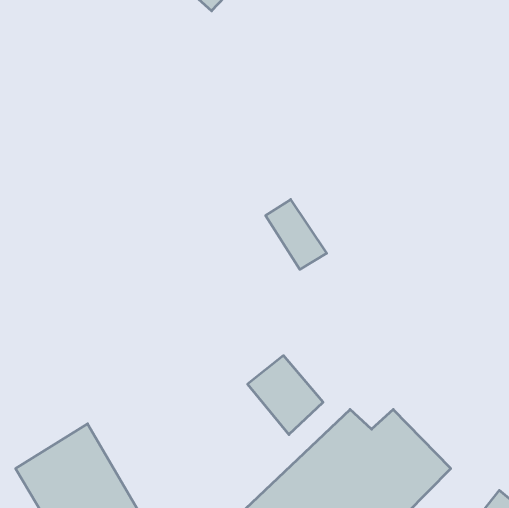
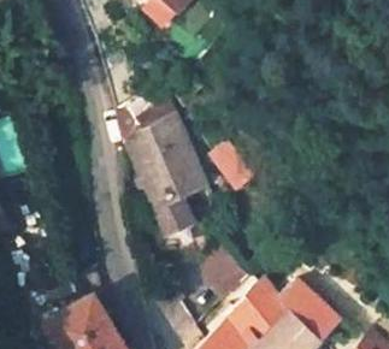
building: none -> [129,105,207,230]

